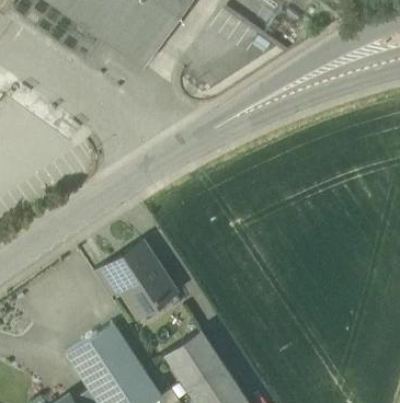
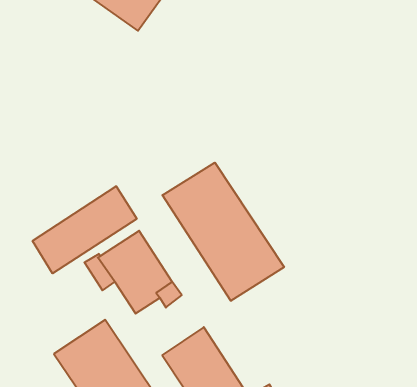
building: none -> [162,163,284,301]
building: none -> [33,186,137,273]

